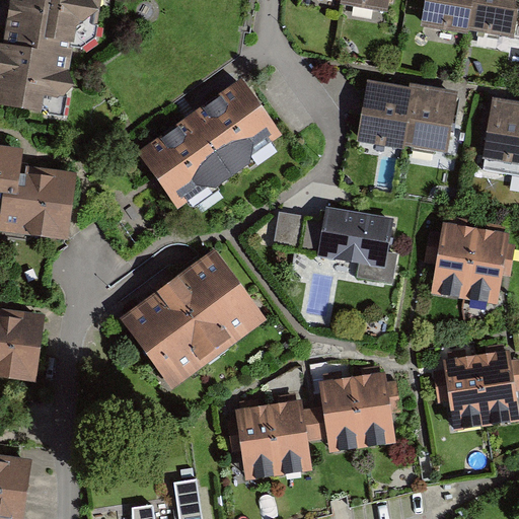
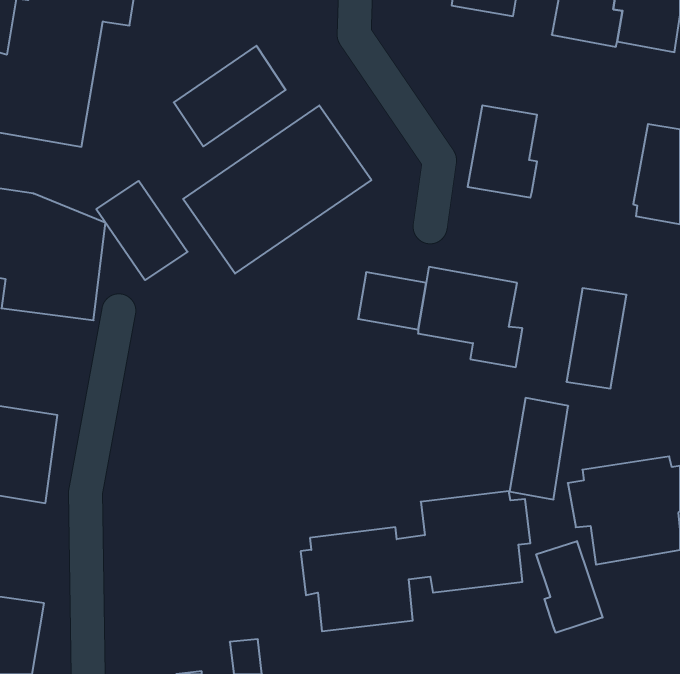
building: none -> [174,46,286,146]
building: [401,83,457,153] -> none
building: none -> [96,181,188,280]
building: [463,224,508,301] -> [510,398,568,499]
building: [121,248,266,386] -> none
building: none -> [536,541,603,633]

